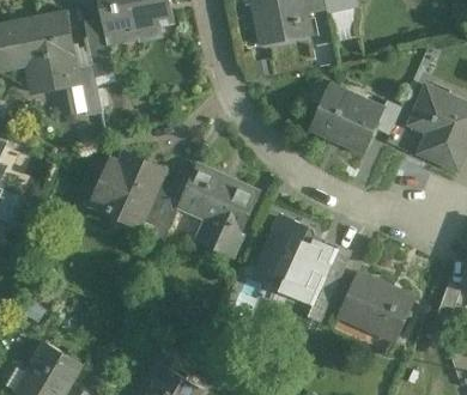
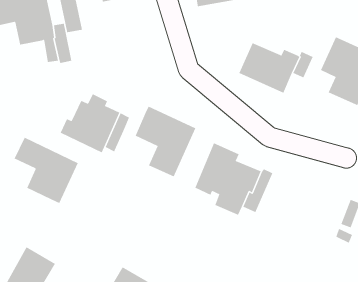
building: none -> [14,137,79,204]
building: [340,273,413,340] -> none

